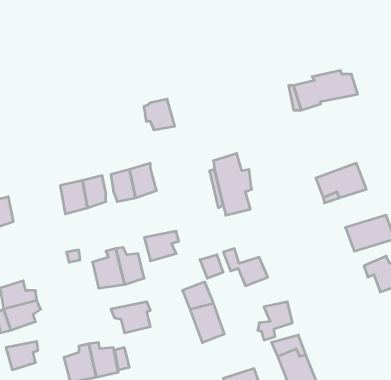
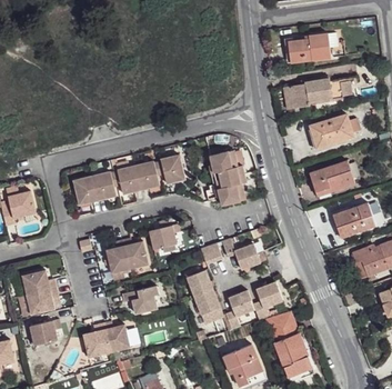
building: none -> [288,32,330,66]
building: [144,99,175,130] -> [161,156,189,183]
building: none -> [311,114,352,149]
building: none -> [228,290,254,327]

